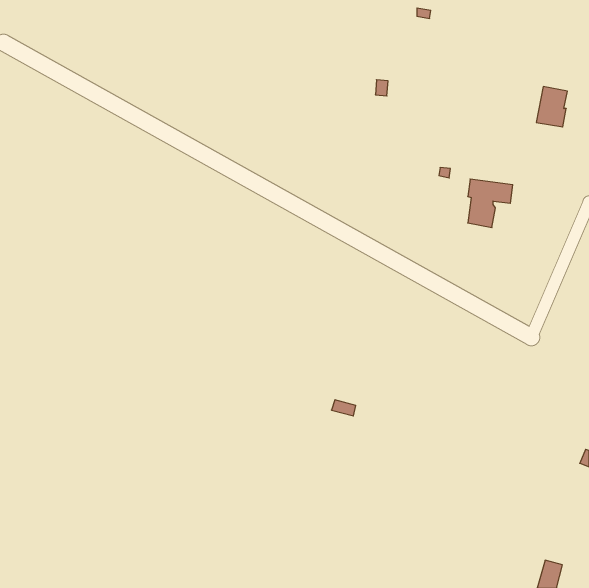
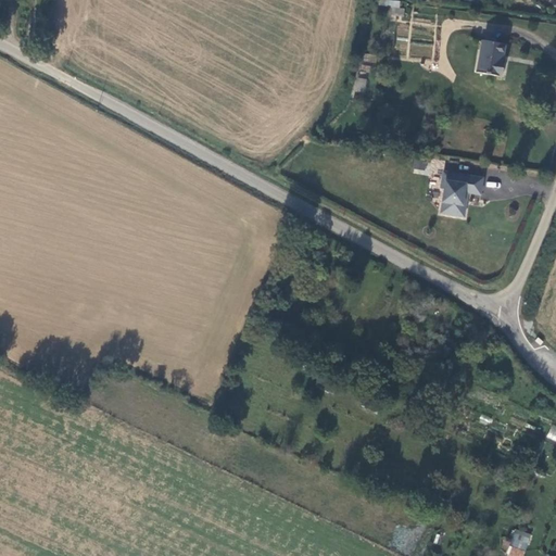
building: [536,87,567,127] -> [478,39,507,77]

